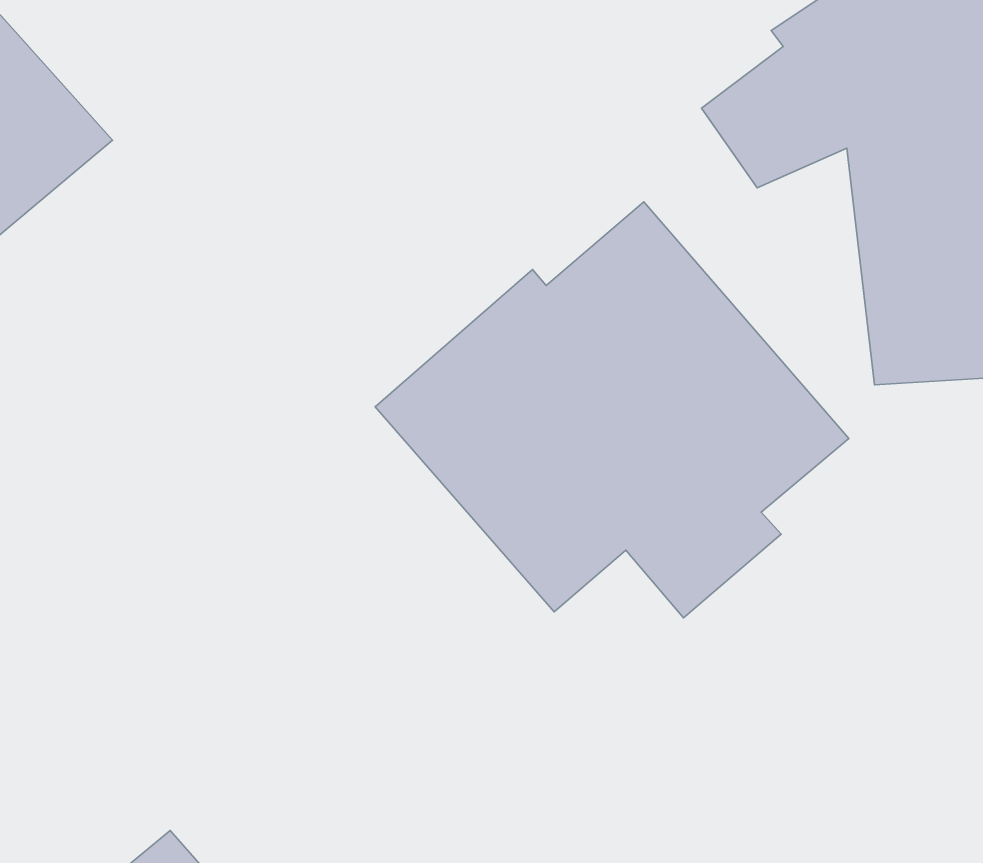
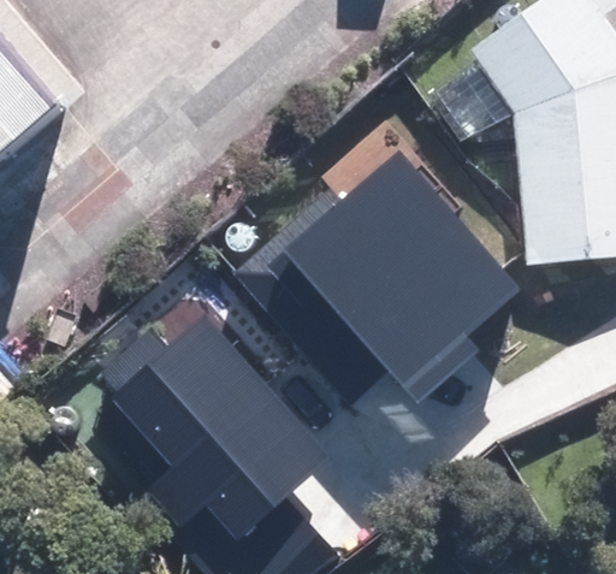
building: none -> [100,310,325,531]

